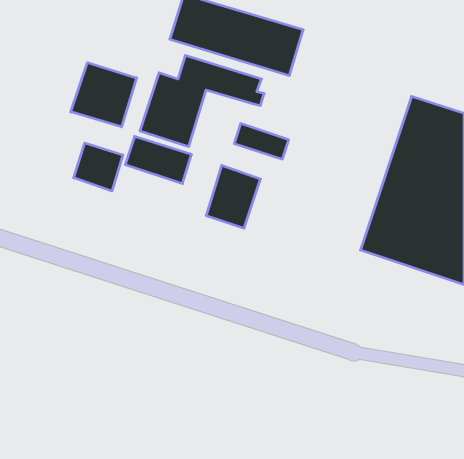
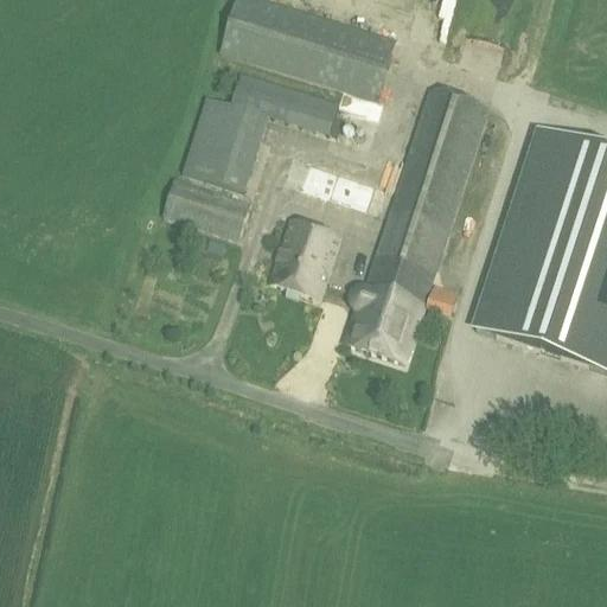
building: [71,63,137,127] -> none
building: none -> [345,87,488,362]
building: [74,143,123,191] -> none

